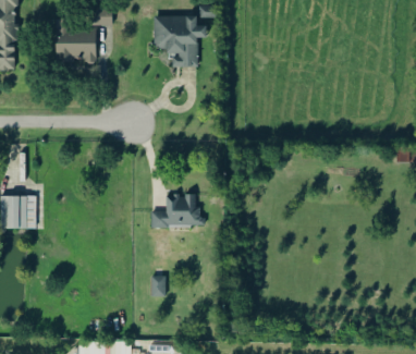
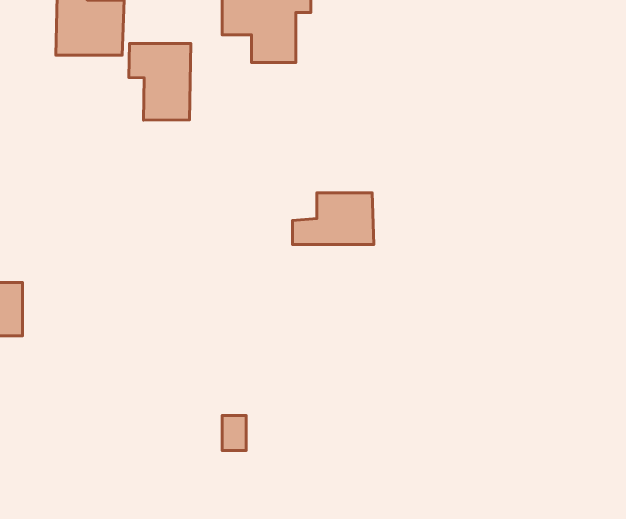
building: none -> [129,43,191,120]
building: [151,195,199,225] -> [293,193,374,244]

